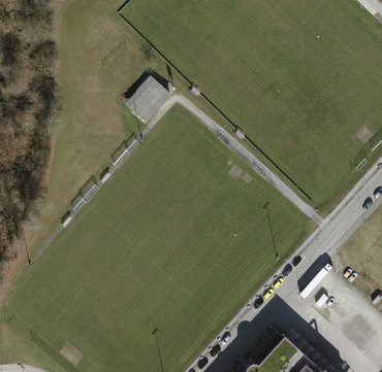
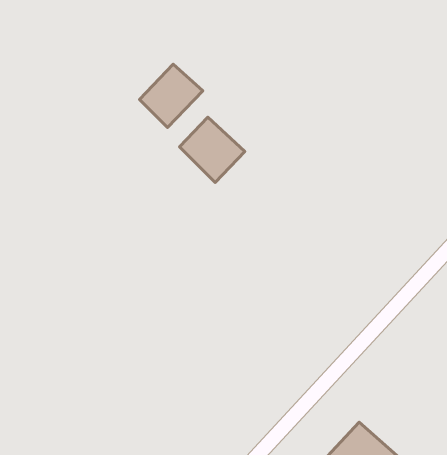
building: none -> [179,117,245,182]

